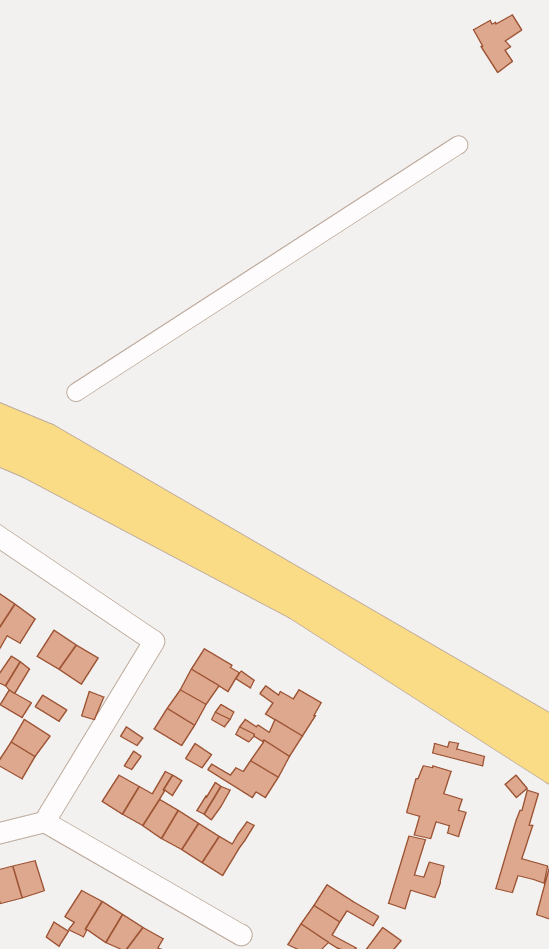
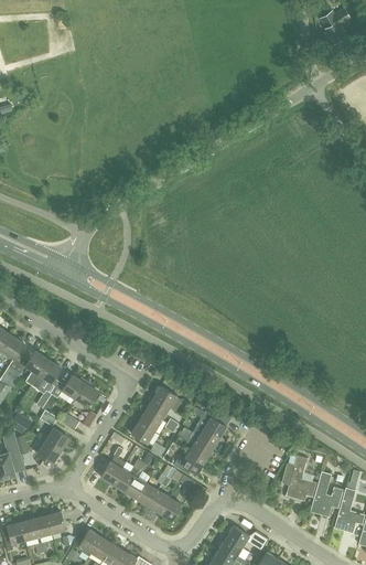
building: [388,836,444,909] -> [309,471,342,514]

